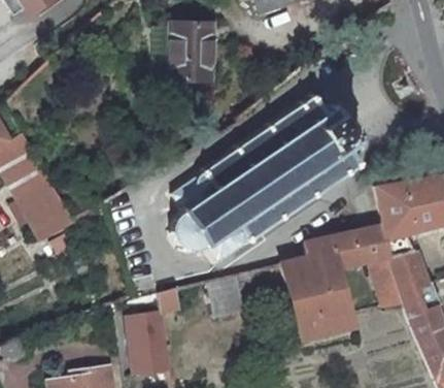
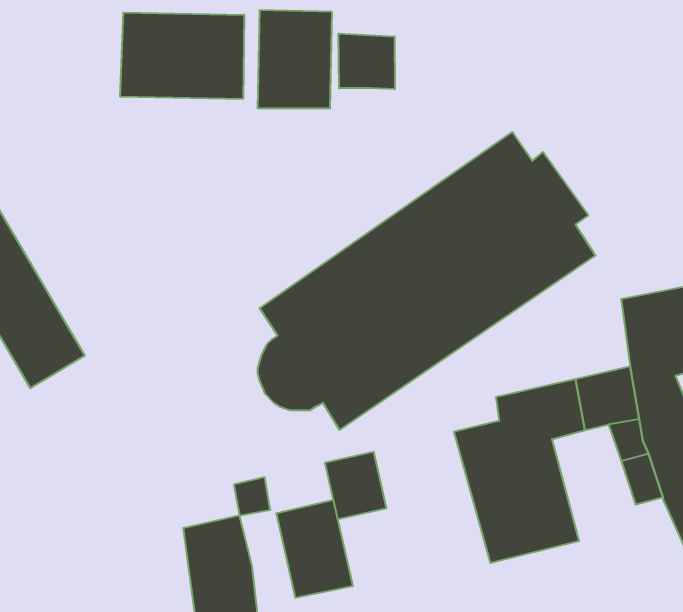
building: none -> [120,13,244,99]
building: none -> [339,33,395,89]
building: none -> [276,500,353,598]

